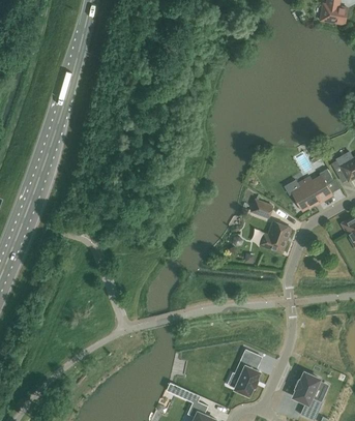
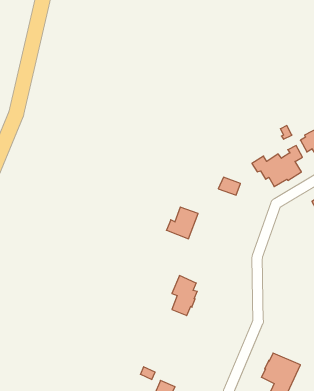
building: [260,221,291,252] -> [166,207,198,239]
building: [235,356,260,395] -> [172,276,197,316]

